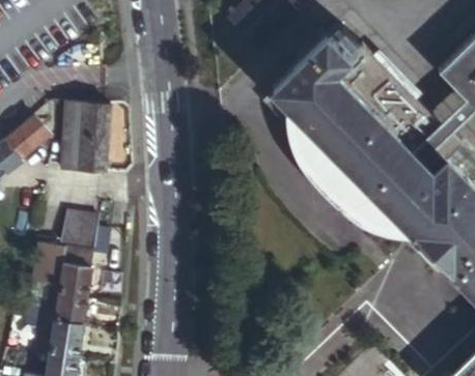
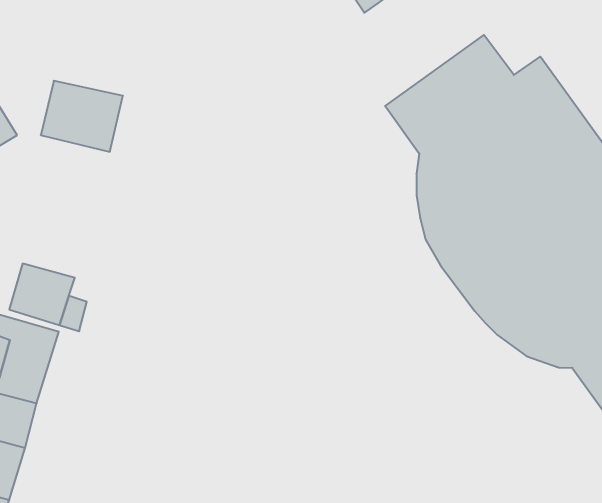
building: [64,136,110,175] -> none

